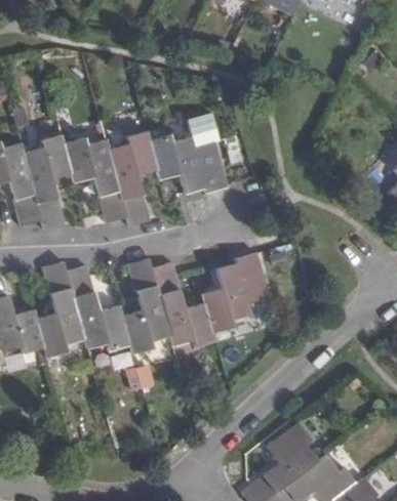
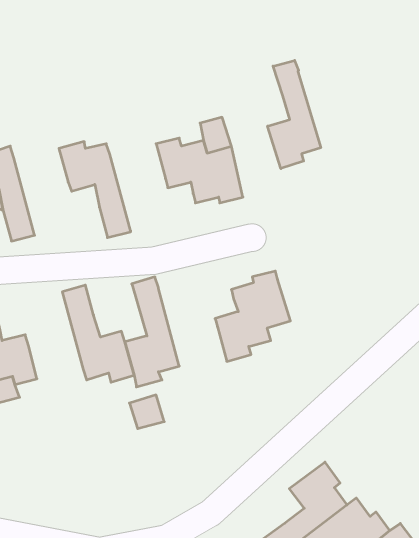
building: none -> [268,60,321,169]
building: [108,130,157,226] -> none
building: [23,134,71,229] -> none
building: [36,261,84,358] -> none
building: [151,261,214,347] -> none

